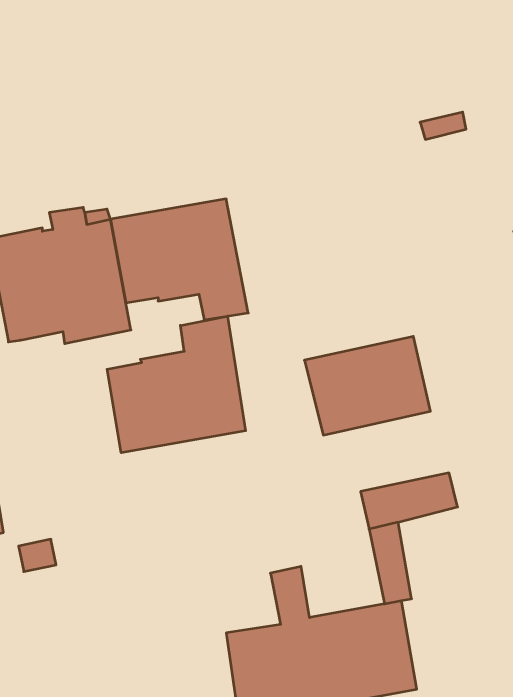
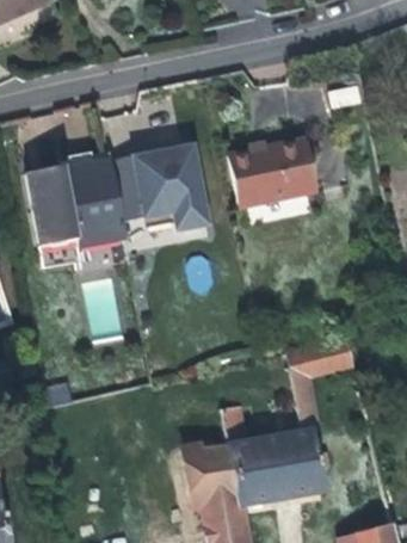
building: [107,316,246,453] -> none
building: [304,336,430,435] -> [230,136,319,205]

